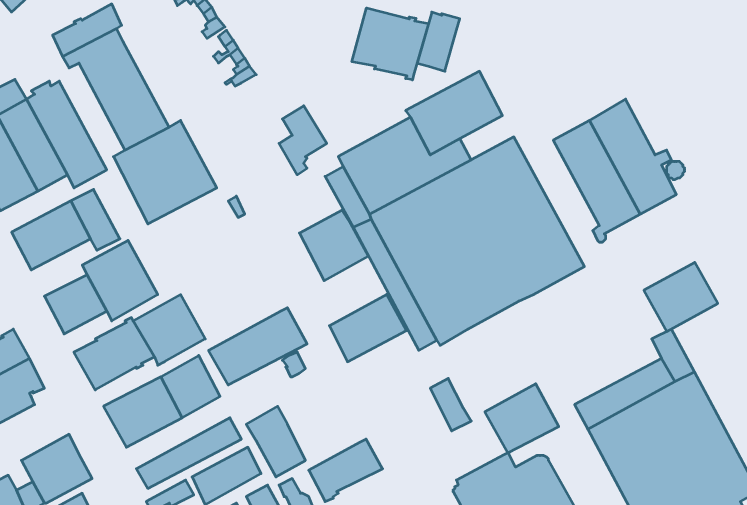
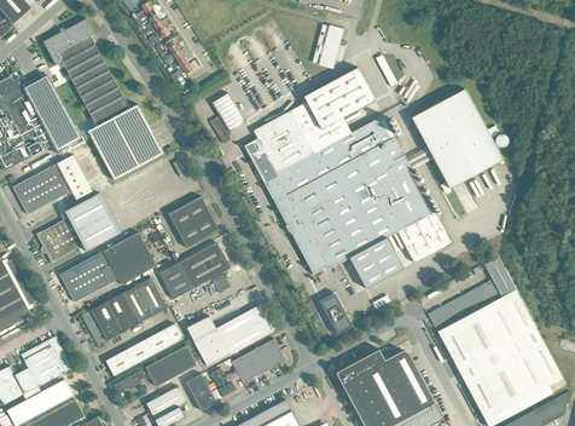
building: [352,8,428,80] -> none
building: [299,210,368,281] -> [168,196,219,248]
building: [644,262,718,331] -> [396,212,451,263]
building: [329,294,407,362] -> [215,305,272,355]
building: [485,384,559,453] -> [348,237,402,288]

